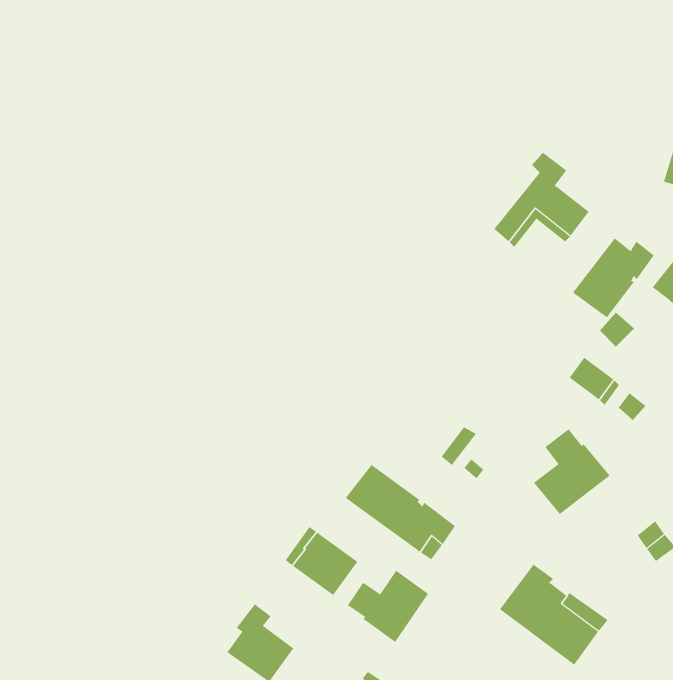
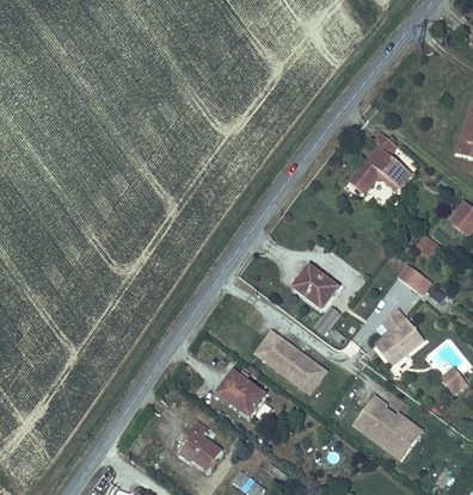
building: [572,237,655,318] -> none
building: none -> [293,266,336,308]
building: [347,570,429,643] -> none

